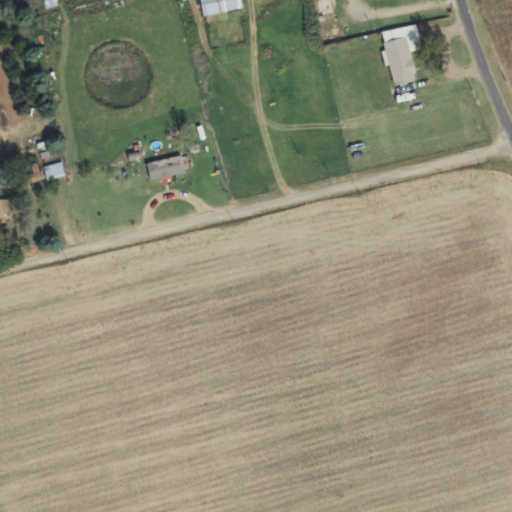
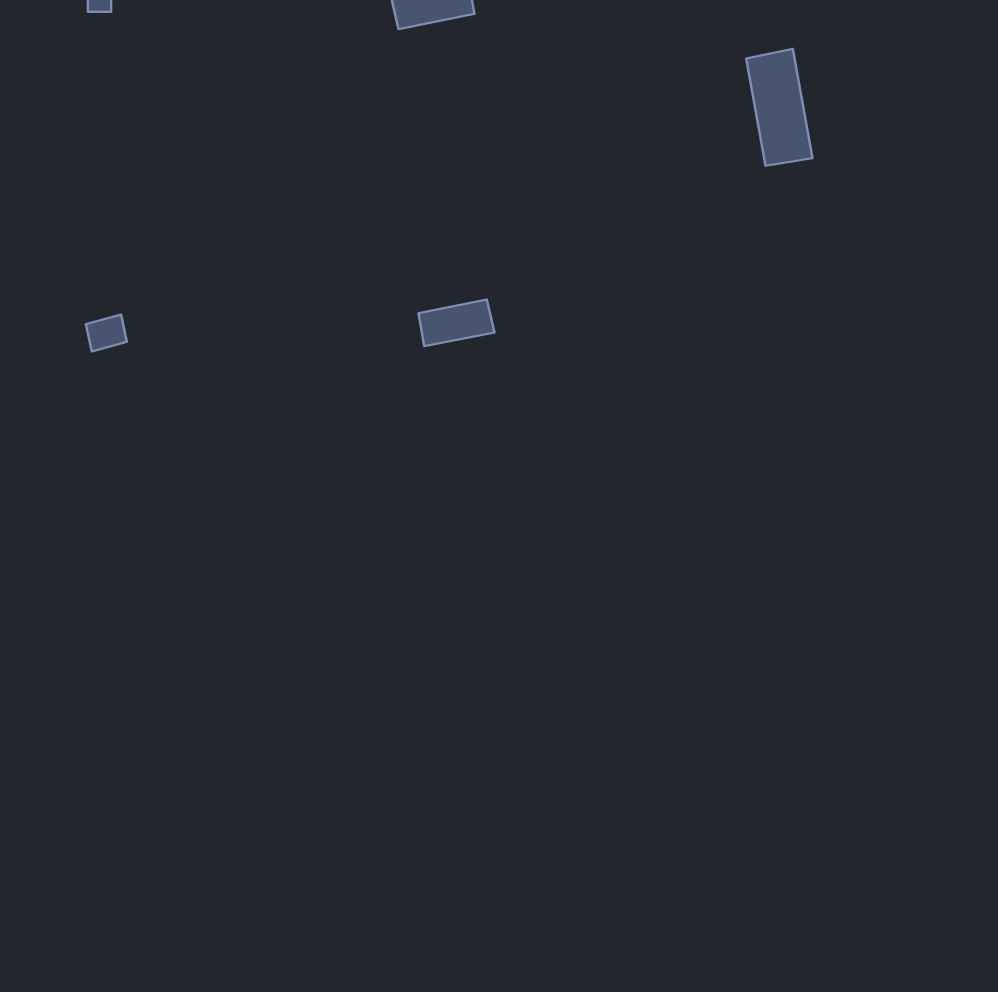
building: [147,155,186,179] -> [418,299,495,346]

